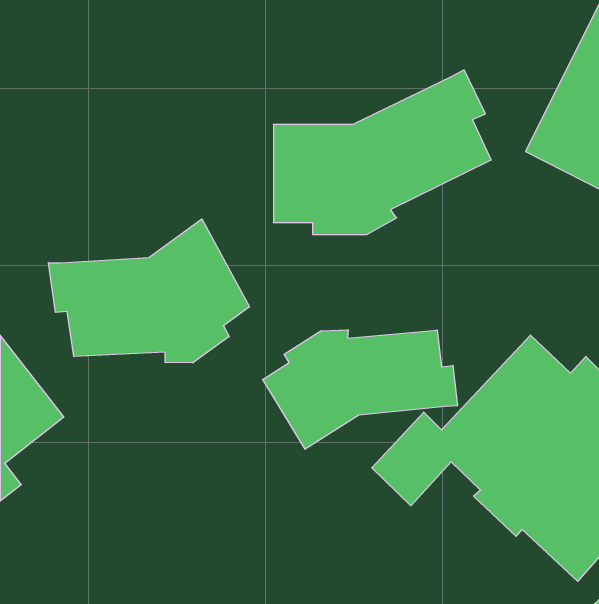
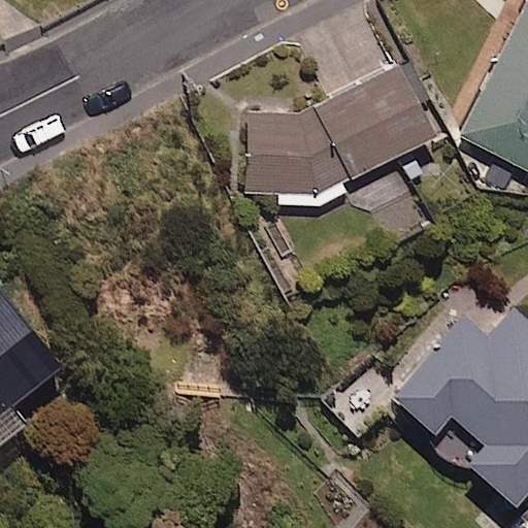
building: [48,219,249,363] -> none
building: [263,330,457,449] -> none

